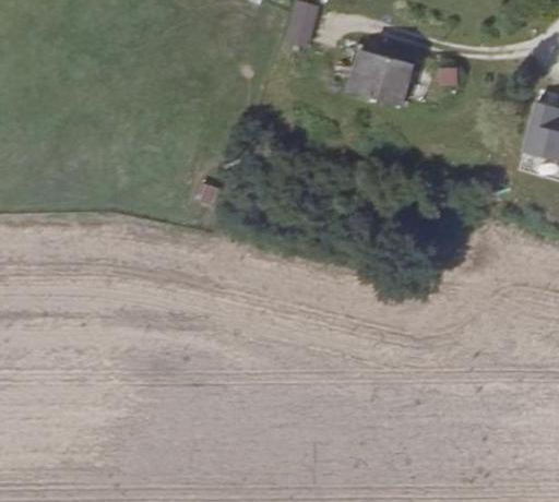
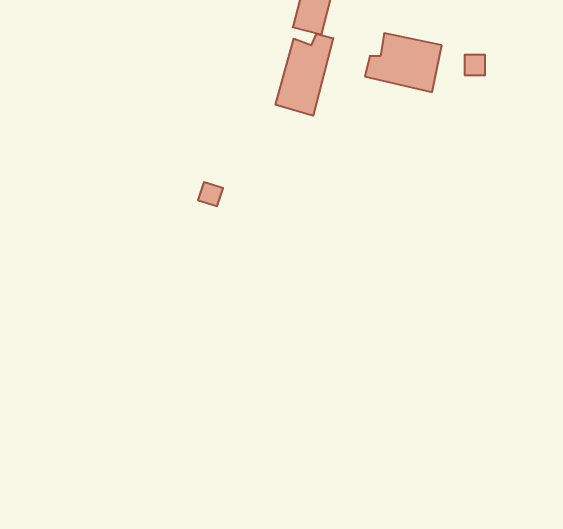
building: none -> [276,34,333,116]

